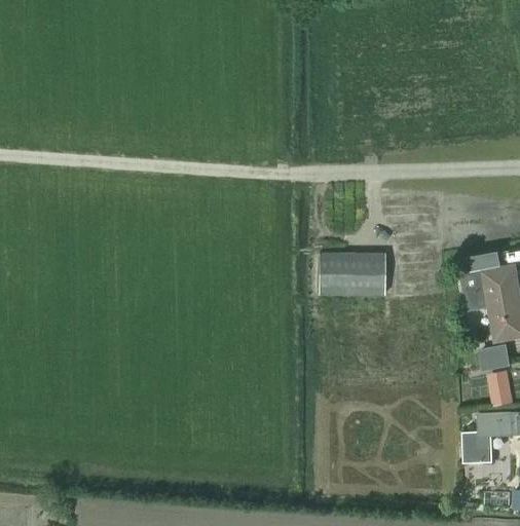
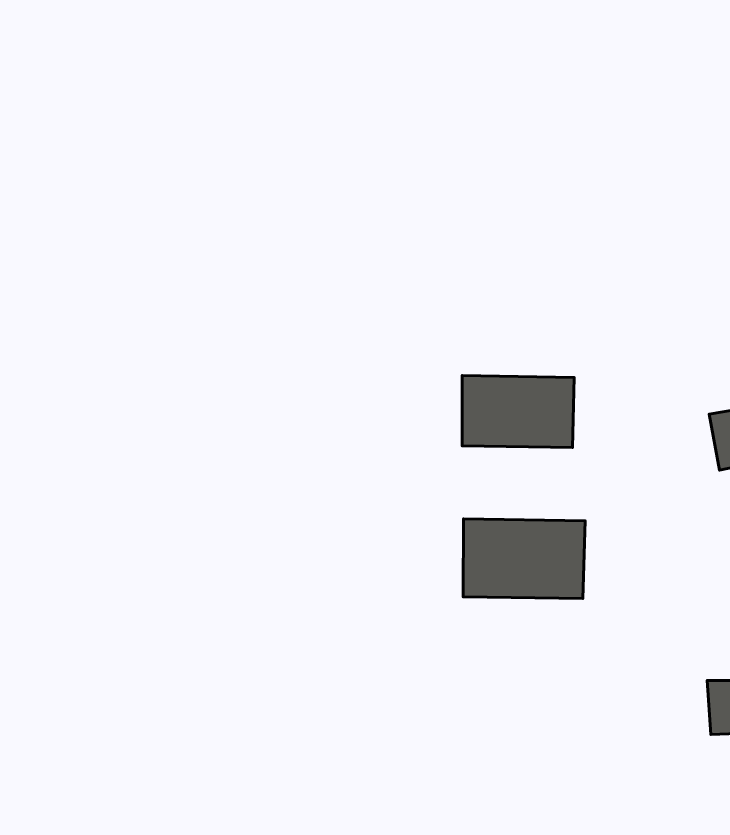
building: none -> [463,519,585,599]

